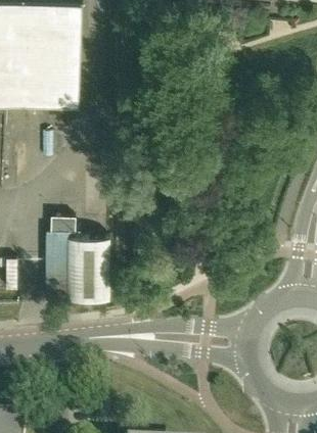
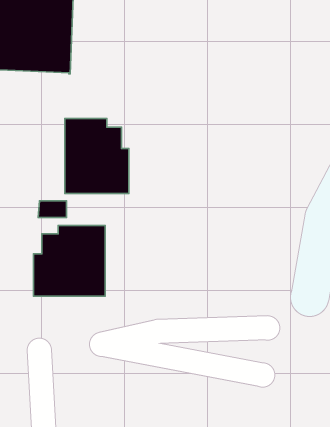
building: none -> [65,119,129,194]

